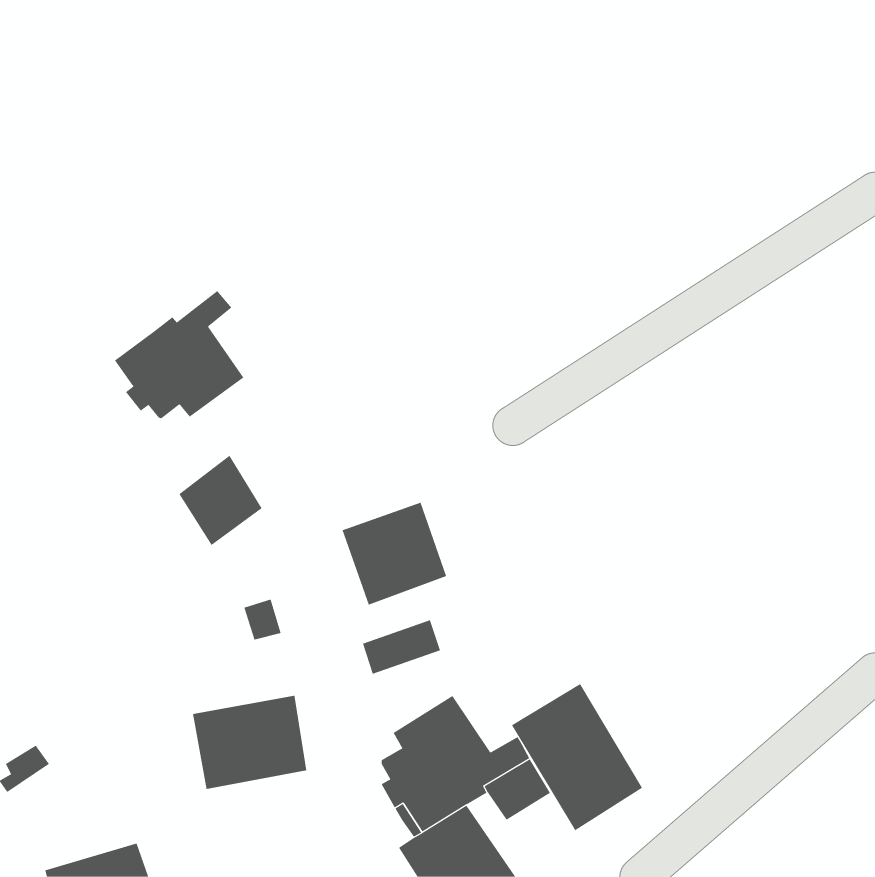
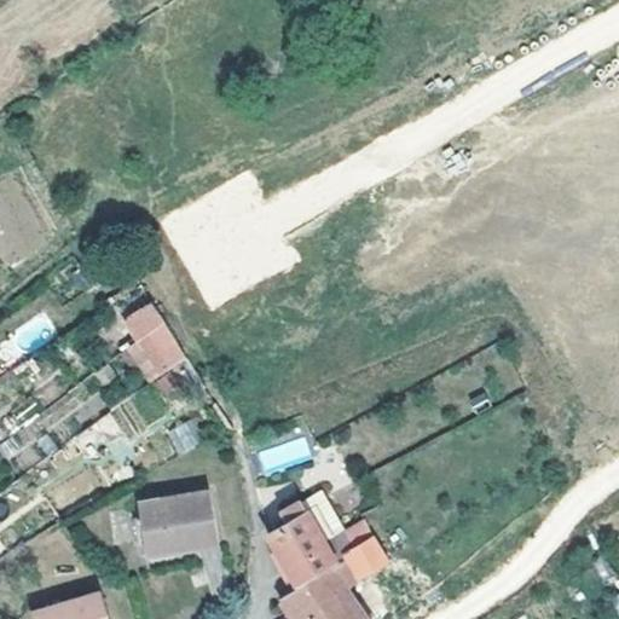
building: [114,290,244,419] -> none
building: [342,502,447,606] -> none
building: [511,683,643,831] -> none

